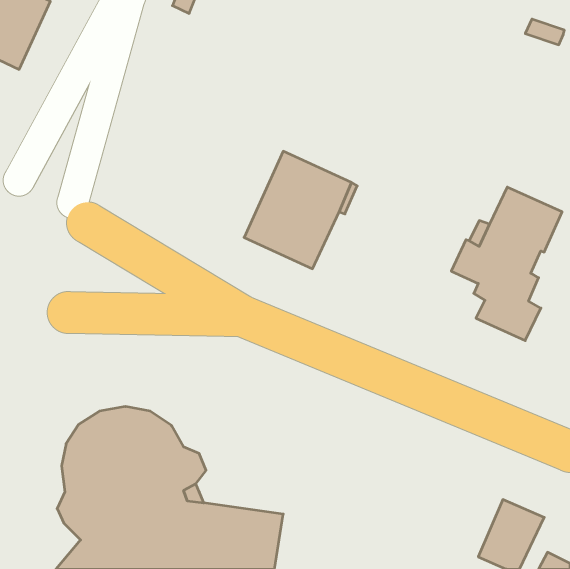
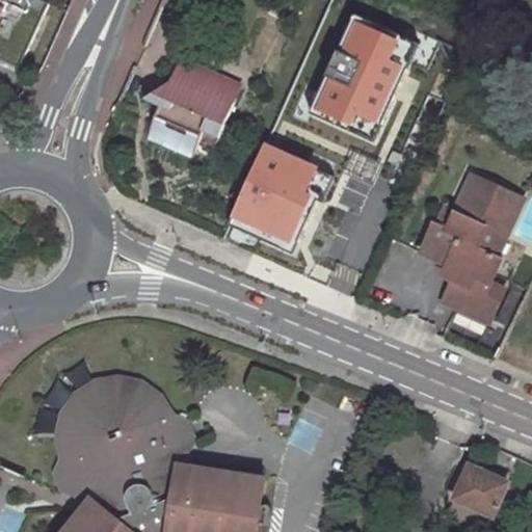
building: none -> [308,11,418,139]
building: none -> [143,57,239,155]

